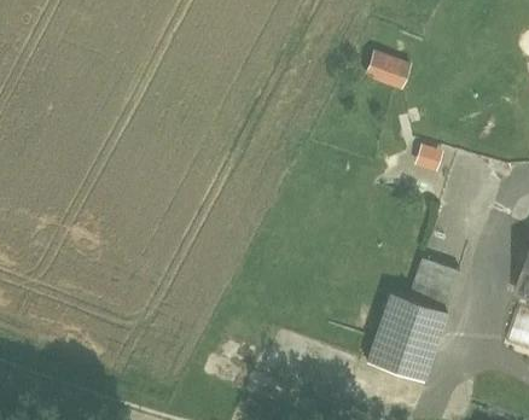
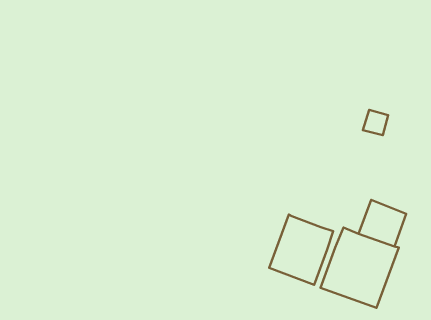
building: [366,49,413,91] -> none
building: none -> [269,215,333,285]

